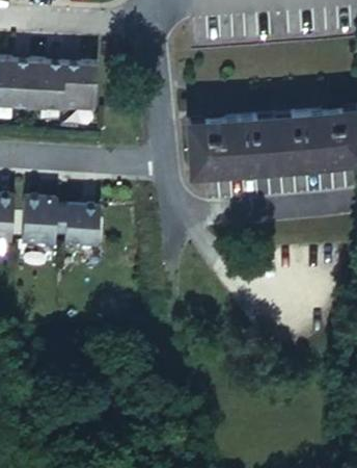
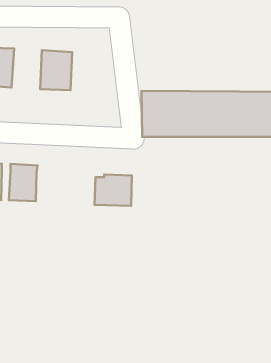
building: [27,60,63,109] -> none
building: [56,206,101,243] -> [95,175,132,206]

